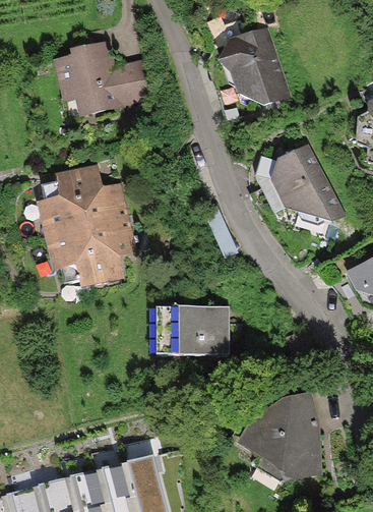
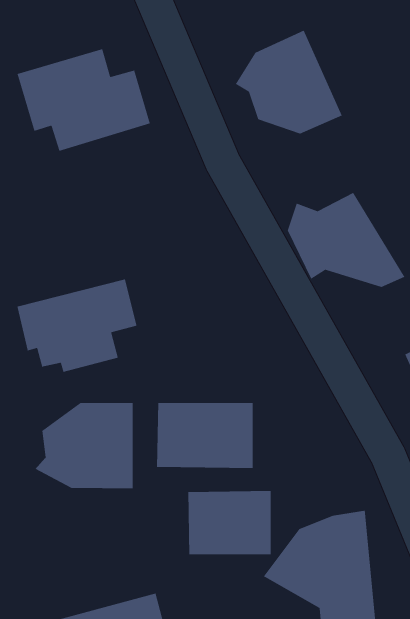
building: [40,164,131,235] -> none
building: none -> [35,402,133,489]
building: none -> [187,490,271,555]

